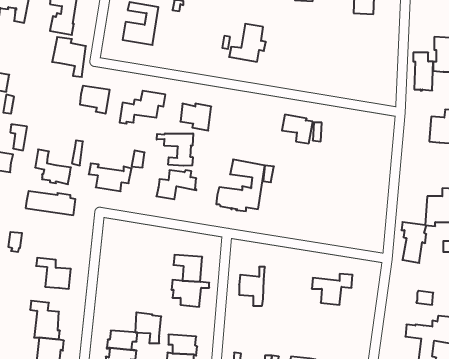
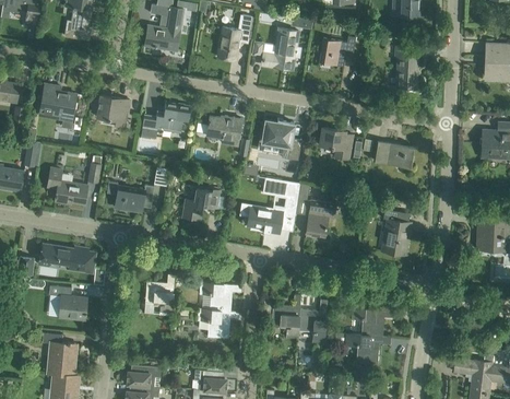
building: none -> [217,15,256,60]
building: none -> [319,36,356,67]
building: [52,37,86,77] -> [39,84,76,128]
building: [413,53,433,90] -> [395,47,417,89]
building: none -> [262,120,301,160]
building: none -> [375,142,414,166]
building: [157,133,193,166] -> none
building: none -> [306,200,335,237]
building: [26,191,75,215] -> [39,245,94,271]
building: [401,222,426,263] -> [383,210,411,255]
building: none -> [298,300,327,343]
building: none -> [335,333,391,364]
building: [135,312,161,343] -> [145,281,174,315]

